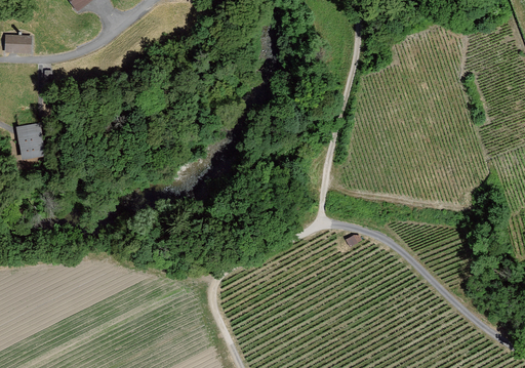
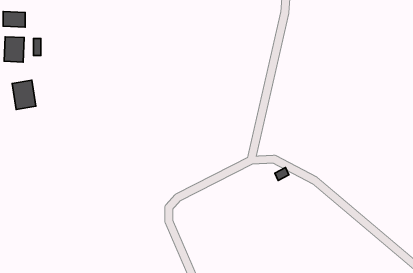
building: none -> [4,37,24,62]

